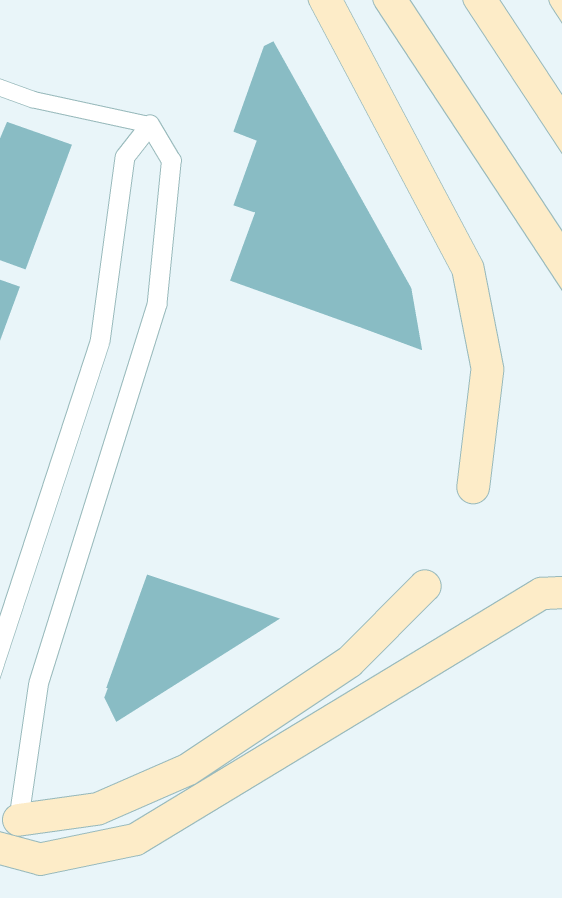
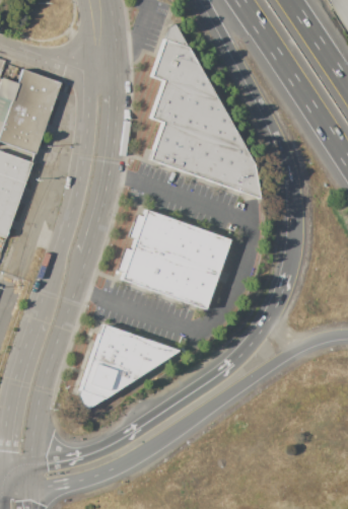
building: none -> [119,209,231,309]

